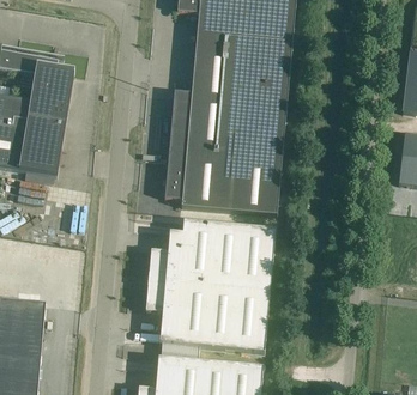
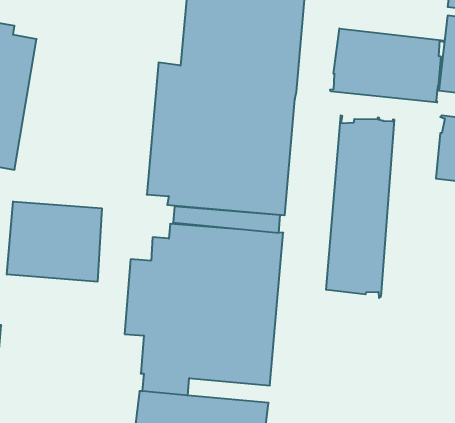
building: none -> [330,28,444,103]
building: none -> [326,115,394,298]
building: none -> [7,201,102,282]

